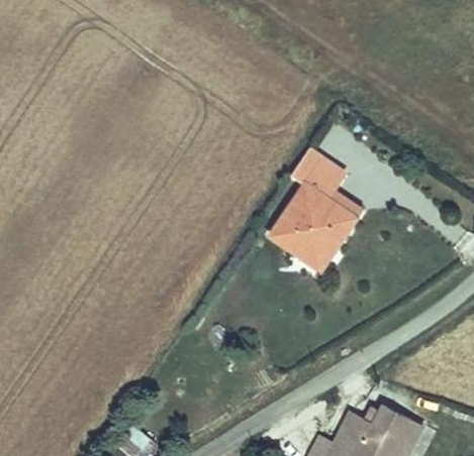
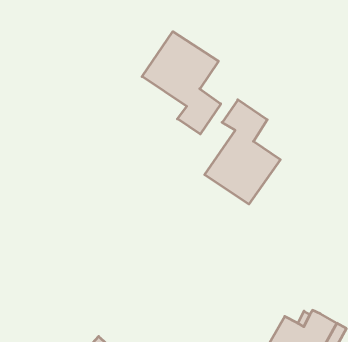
building: none -> [142,32,221,134]

